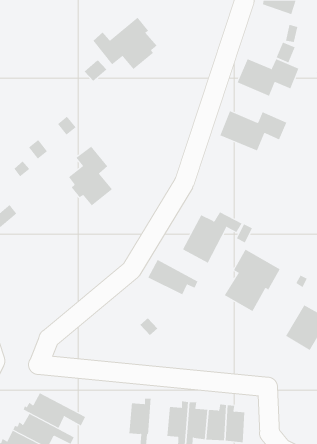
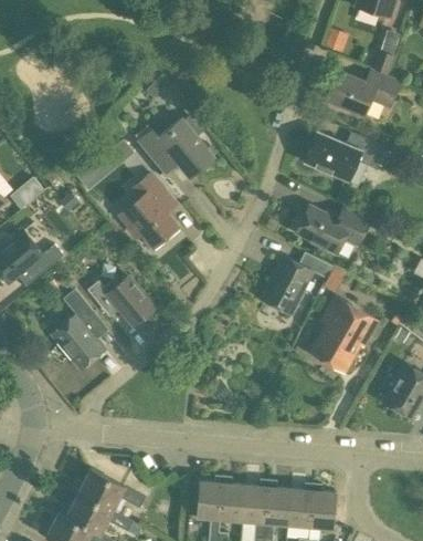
building: [92,17,157,70] -> [138,113,215,176]
building: none -> [295,206,370,254]
building: none -> [86,277,154,325]
building: none -> [52,289,103,368]
building: [147,259,198,295] -> none
building: none -> [220,476,244,521]

